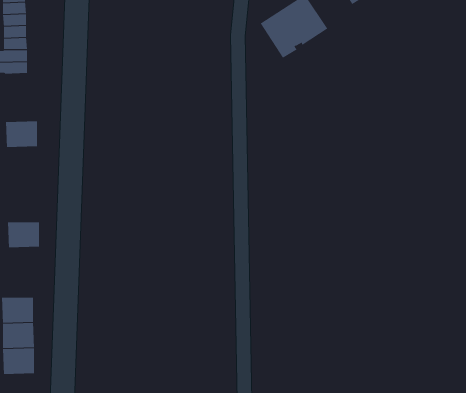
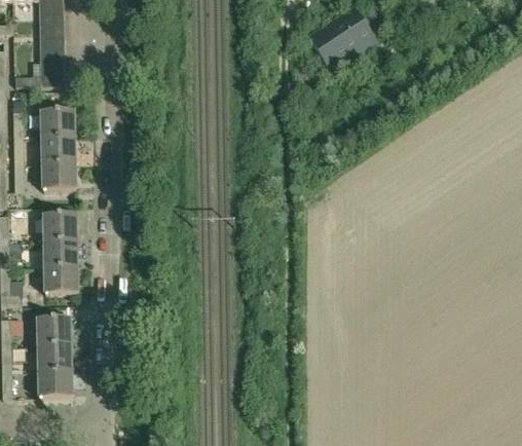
building: none -> [39,109,74,136]
building: none -> [41,161,75,189]
building: none -> [42,213,76,239]
building: none -> [43,265,77,293]

